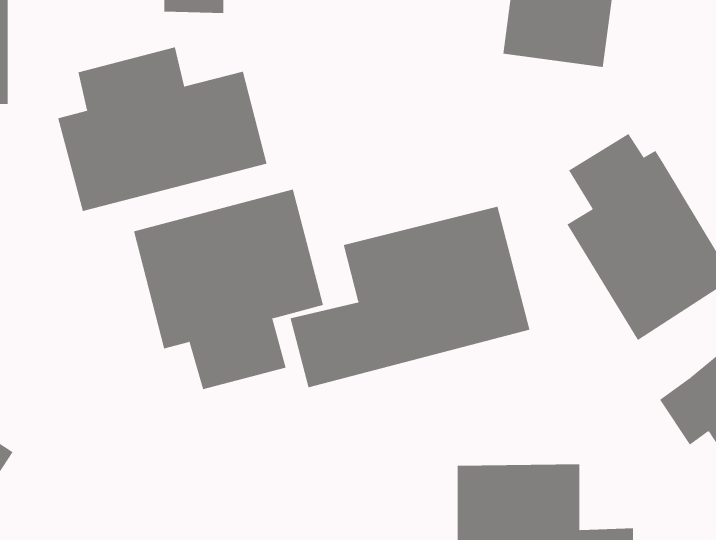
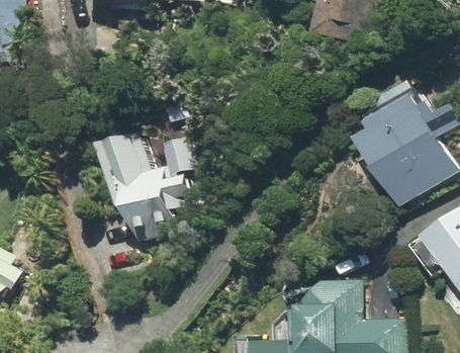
building: [57,46,267,212] -> none
building: [290,206,530,388] -> none

